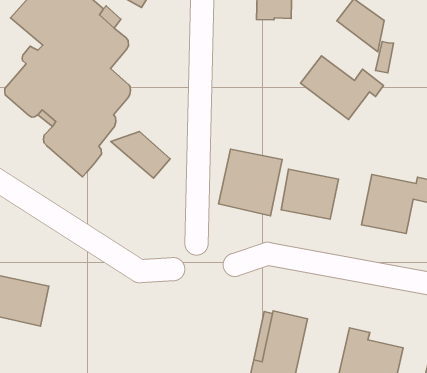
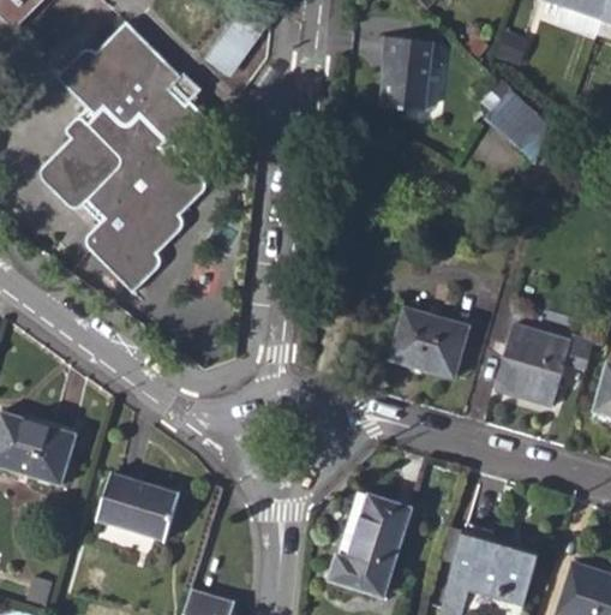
building: [301,56,384,120] -> none
building: [111,132,170,178] -> none
building: [219,149,282,216] -> none
building: none -> [97,473,178,539]

